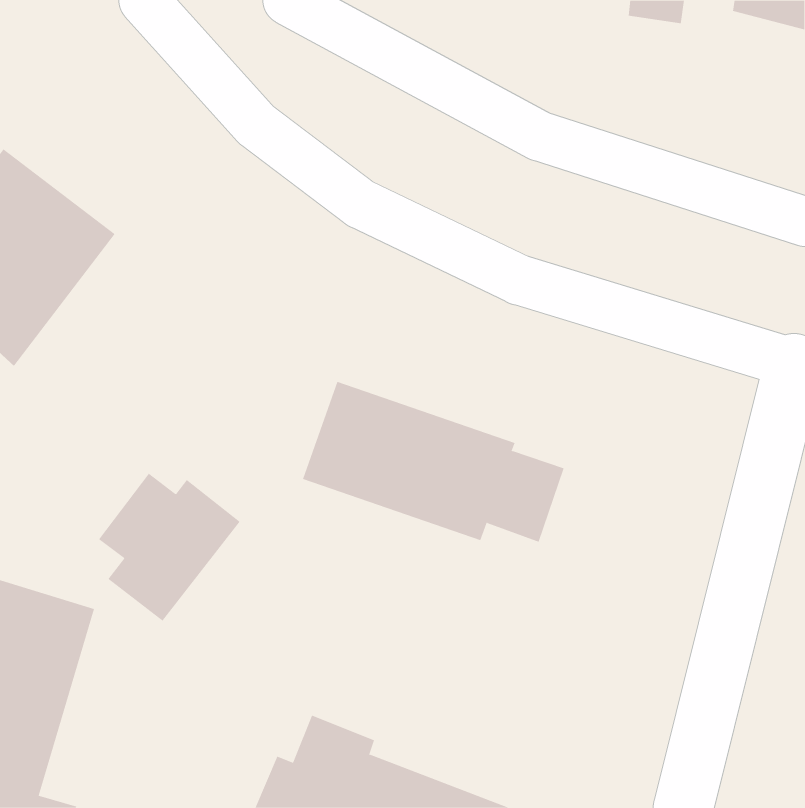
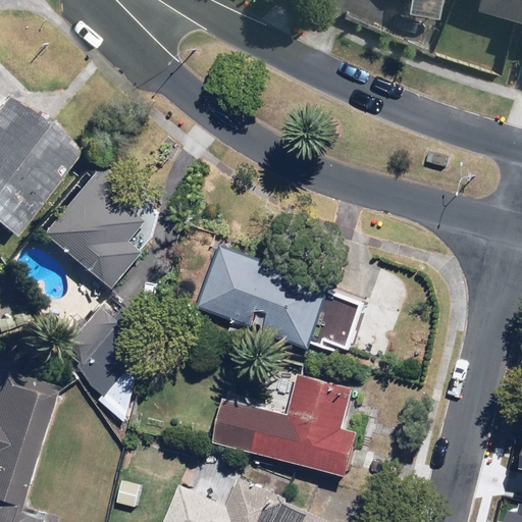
building: none -> [36,160,148,294]
building: none -> [215,374,358,477]

